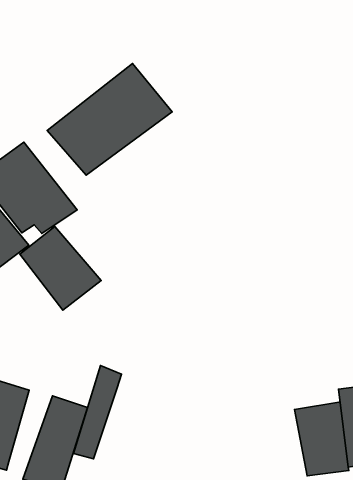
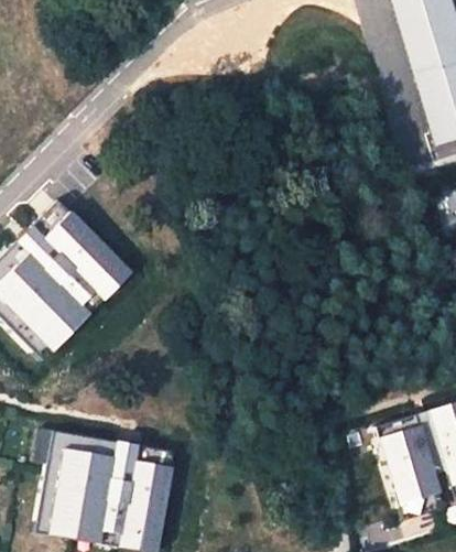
building: [47,63,172,175] -> none
building: [20,227,101,310] -> none
building: [73,366,121,459] -> [102,440,139,533]

